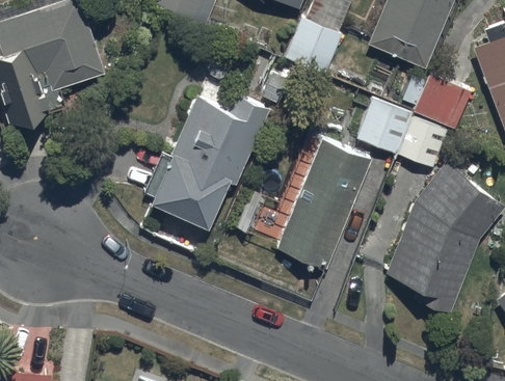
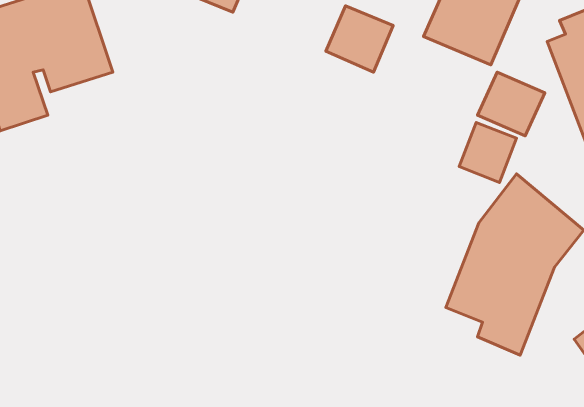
building: [150,94,270,233] -> none
building: [356,99,410,154] -> none
building: [276,140,371,270] -> none

